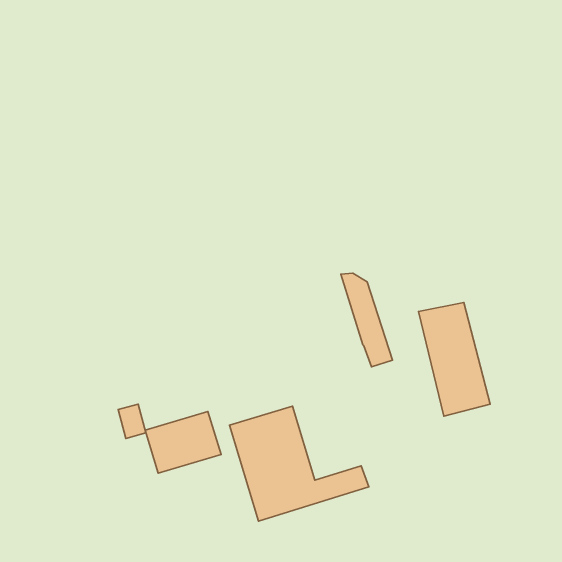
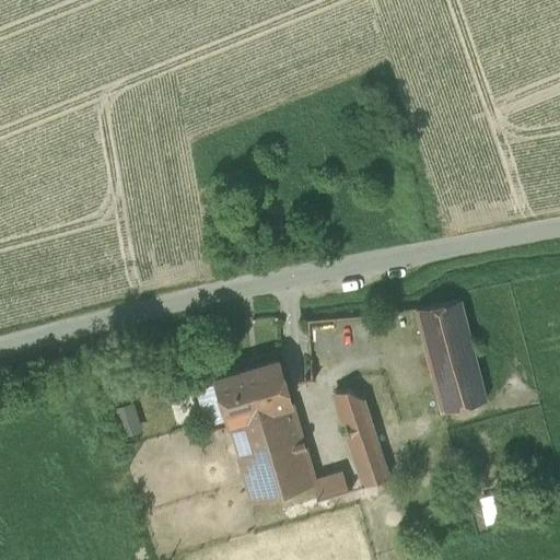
building: [341,273,393,367] -> [337,392,388,485]
building: [145,411,221,473] -> [217,362,292,423]

